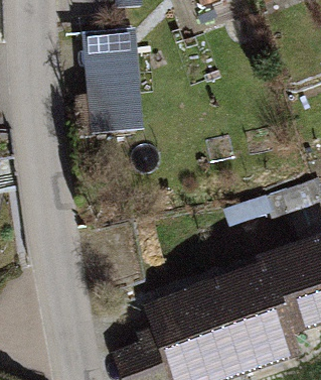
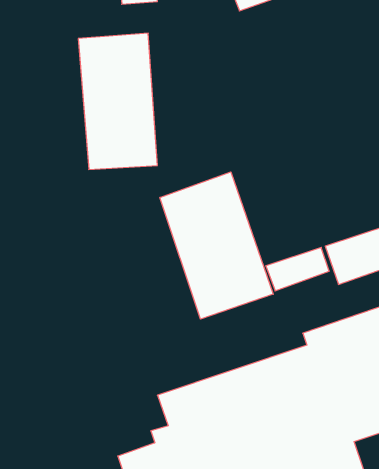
building: none -> [160,172,273,319]

